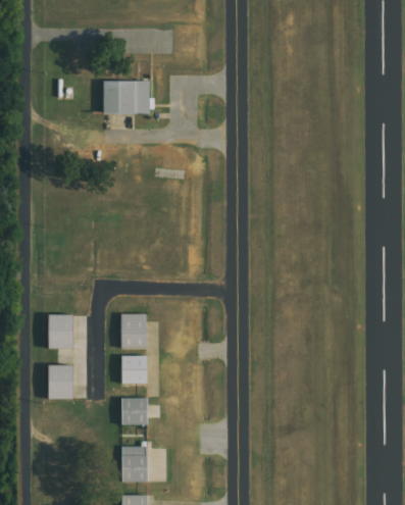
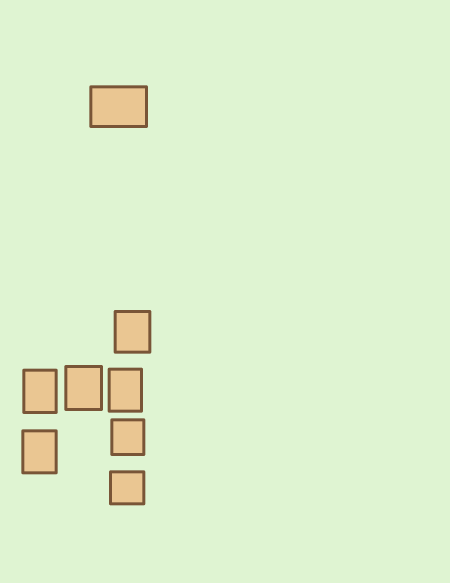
building: none -> [115,311,150,352]
building: none -> [66,367,102,410]
building: [120,447,148,482] -> none

